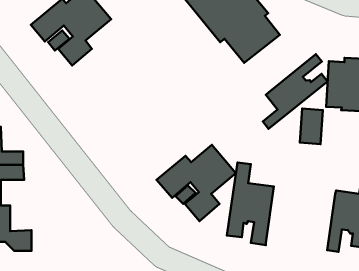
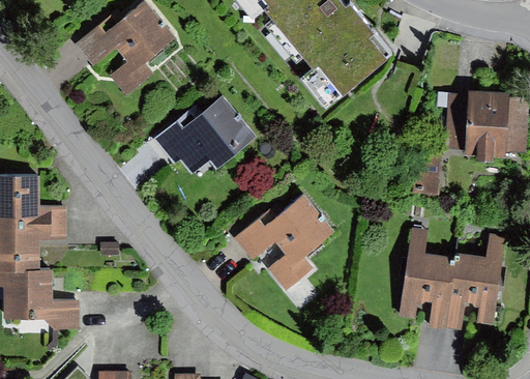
building: [263,54,328,129] -> none
building: none -> [154,94,255,174]
building: [227,162,274,245] -> [398,227,457,330]

